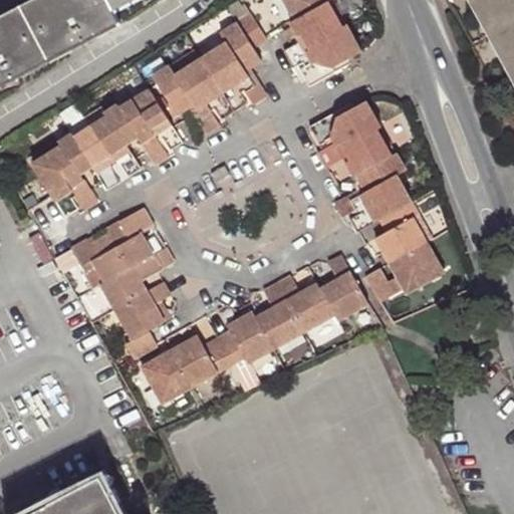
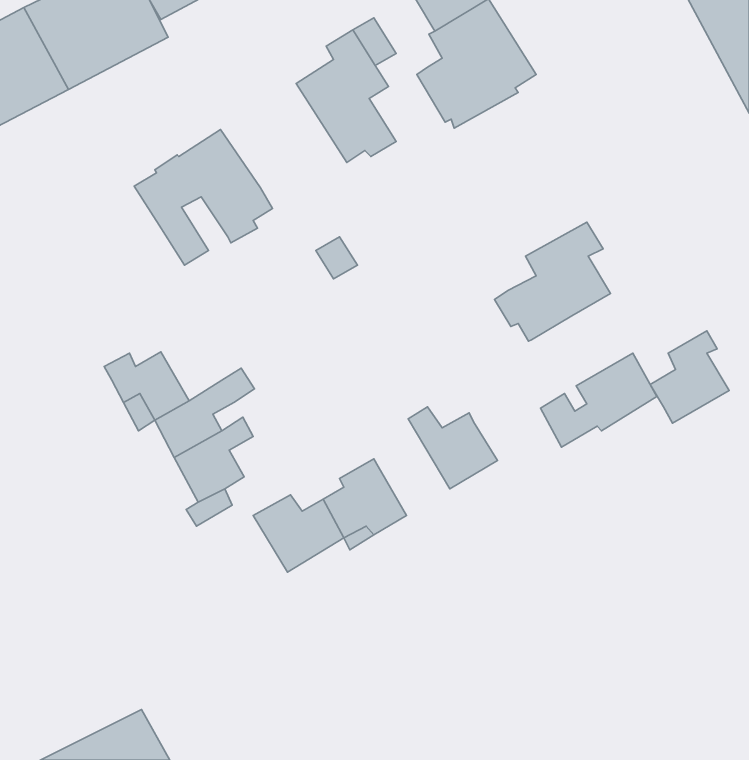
building: [153,56,234,134] -> none
building: [305,100,396,174] -> none
building: [33,125,108,216] -> none
building: [373,198,427,260] -> [650,331,729,423]
building: [104,208,152,270] -> none
building: [319,252,366,316] -> none
building: [255,282,303,347] -> none
building: [142,347,194,403] -> none

